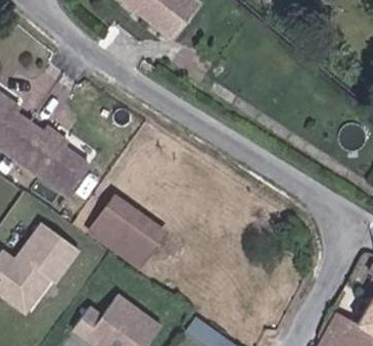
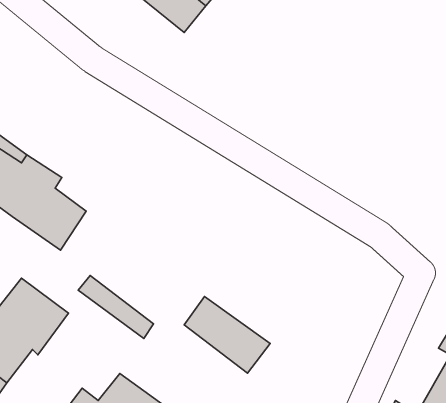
building: [97,200,162,258] -> [184,297,270,373]

